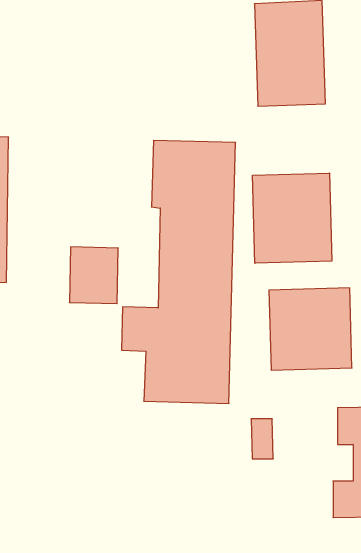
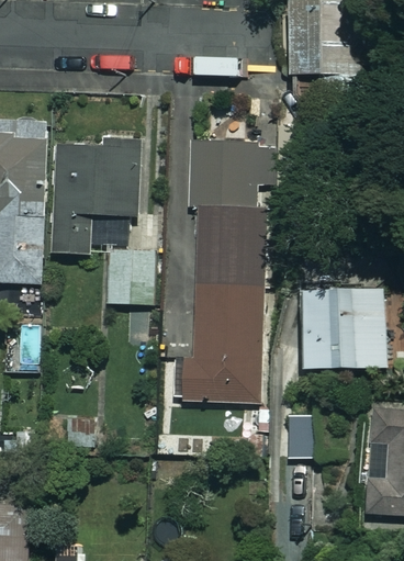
building: none -> [52,145,137,251]
building: [253,173,332,263] -> none

